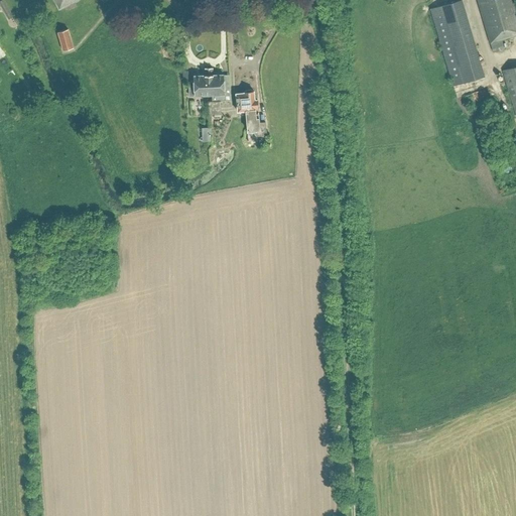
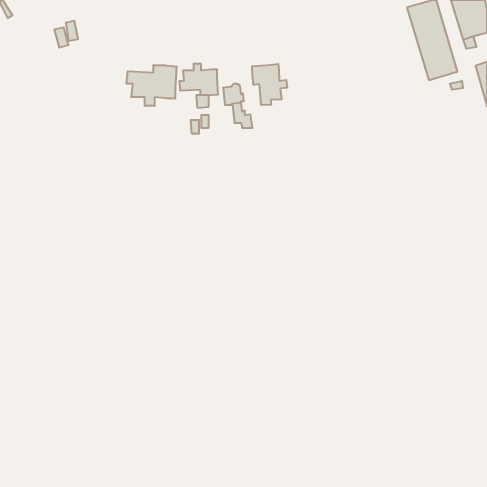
building: none -> [252,64,287,105]
building: none -> [127,65,176,106]

